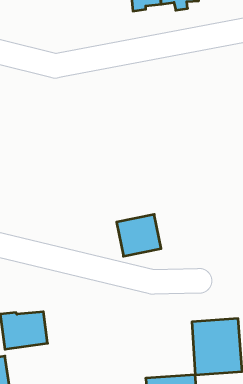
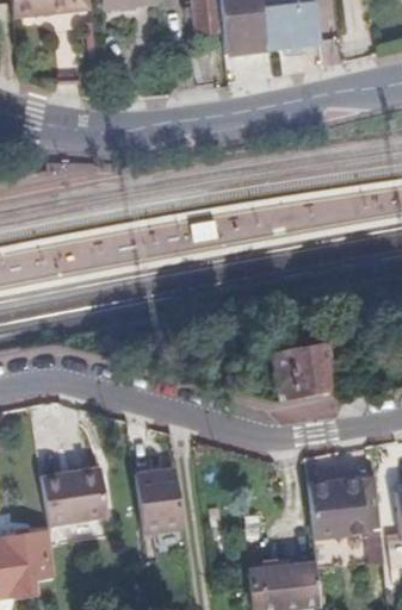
building: [117,214,161,256] -> [277,341,339,399]
building: none -> [135,463,177,525]

